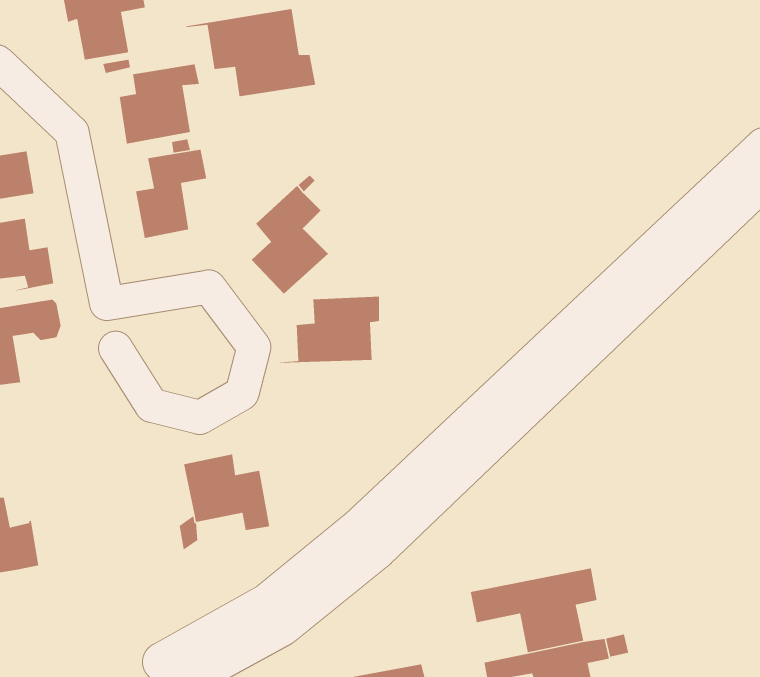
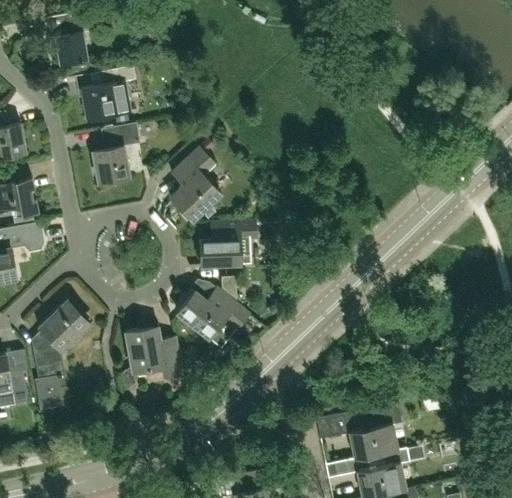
building: [186,8,316,97] -> none
building: none -> [177,288,248,349]
building: none -> [33,301,89,410]

